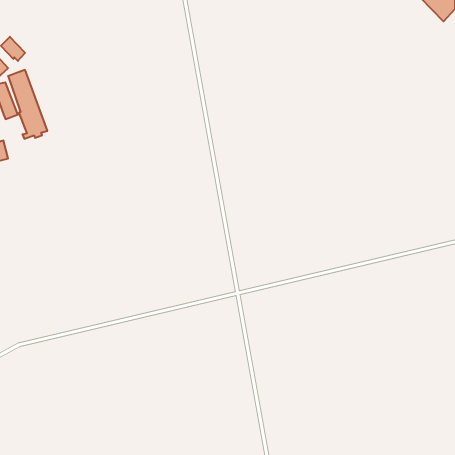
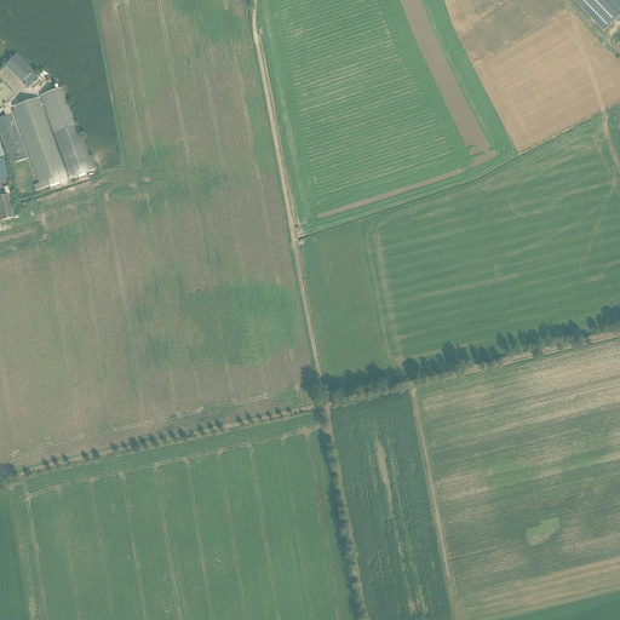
building: none -> [36,84,90,177]

